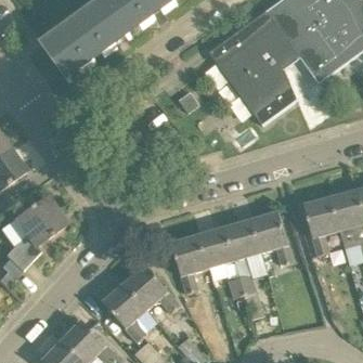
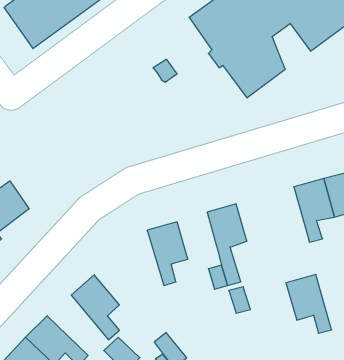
building: [250,210,291,263] -> [286,274,332,333]
building: [197,225,234,268] -> none
building: [122,263,178,311] -> none

